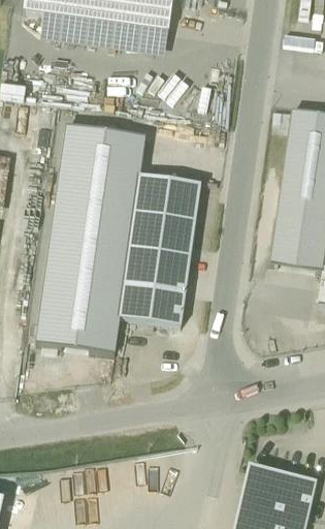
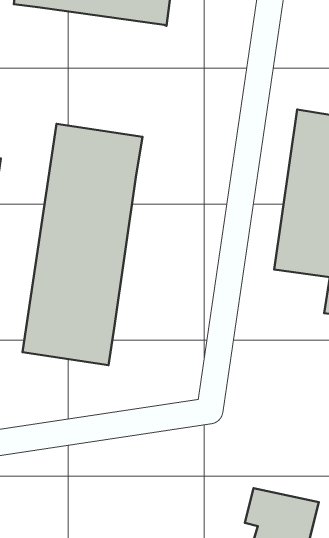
building: [42,12,165,54] -> none
building: [118,174,200,326] -> none

